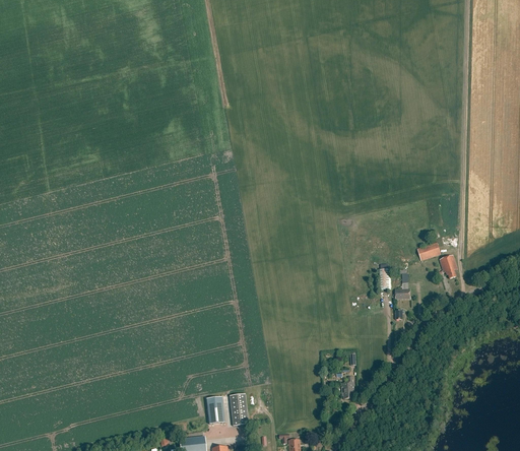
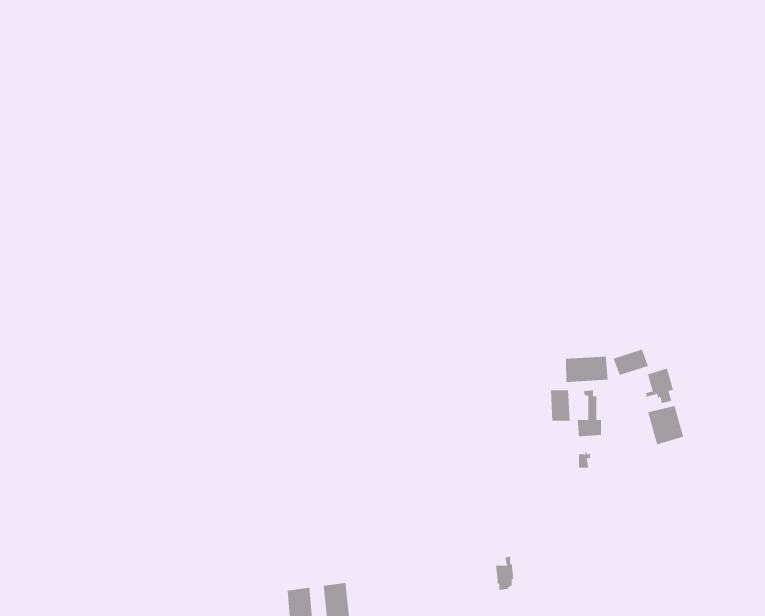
building: none -> [565,356,608,383]
building: none -> [647,405,684,445]

